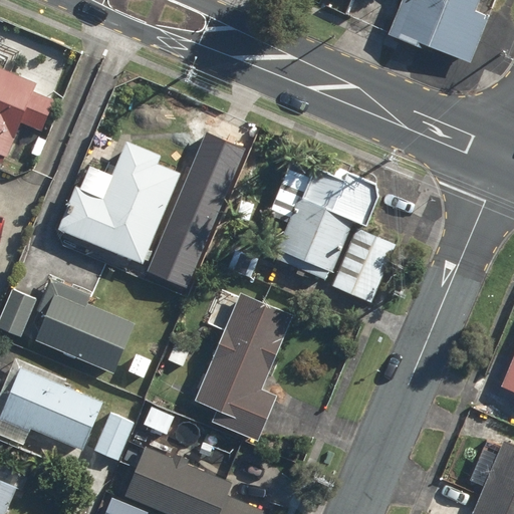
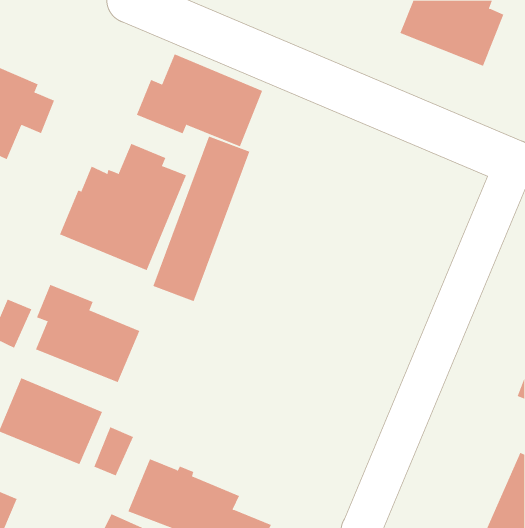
building: none -> [136,54,263,147]
building: [267,157,395,302] -> none
building: [195,291,293,440] -> none

